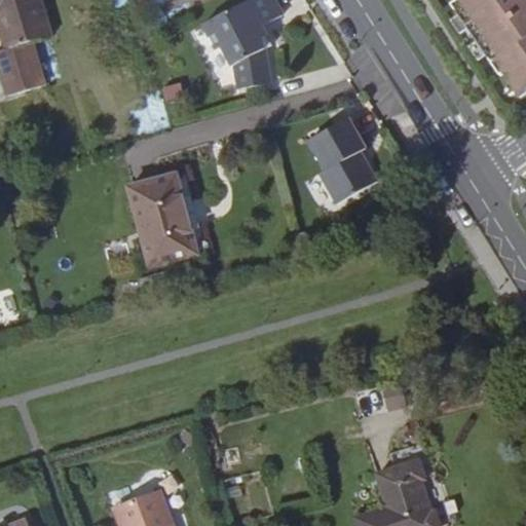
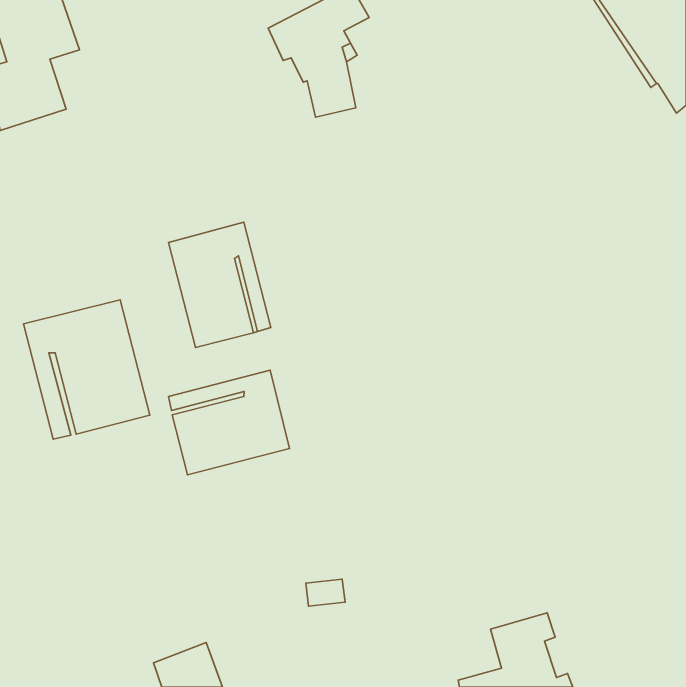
building: [308,115,367,197] -> none
building: none -> [24,300,150,439]
building: none -> [168,370,289,475]

